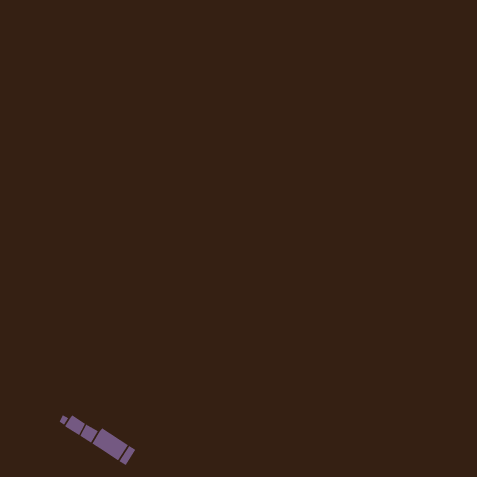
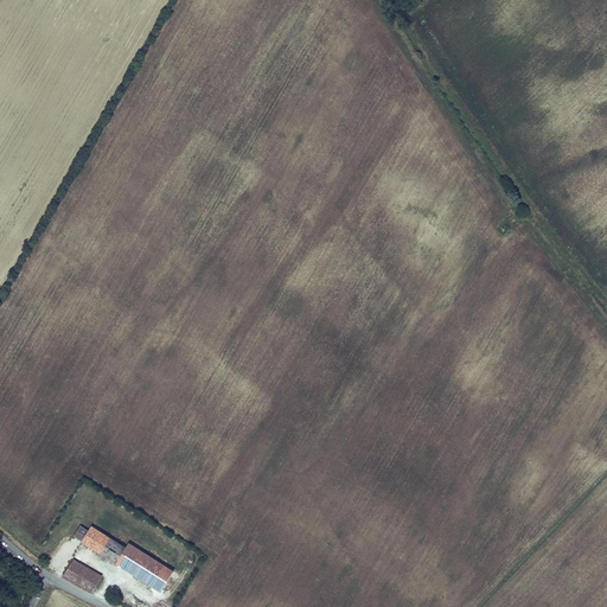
building: none -> [63,560,101,593]

